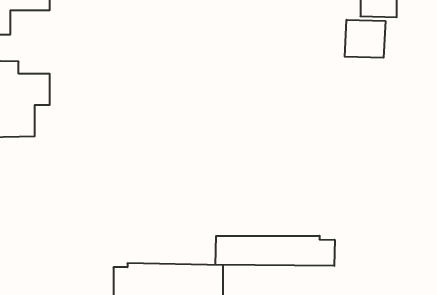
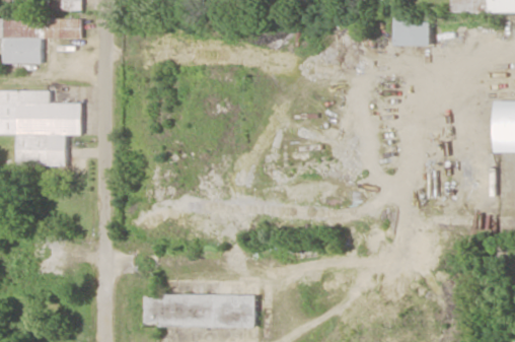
building: [345,20,385,58] -> none
building: [215,236,335,266] -> none

